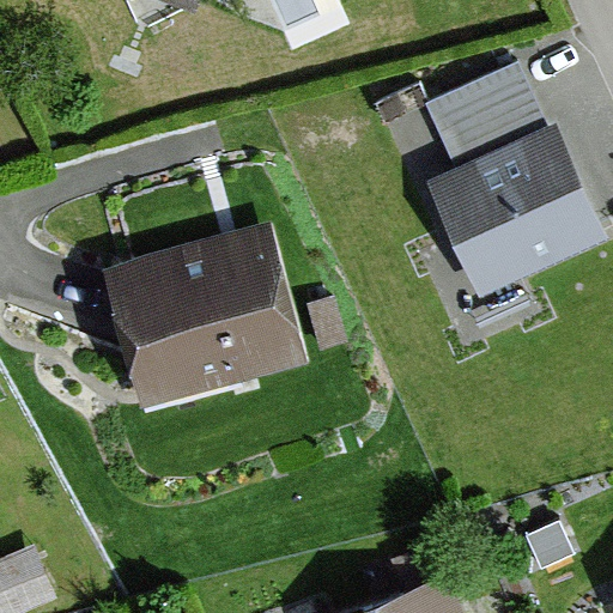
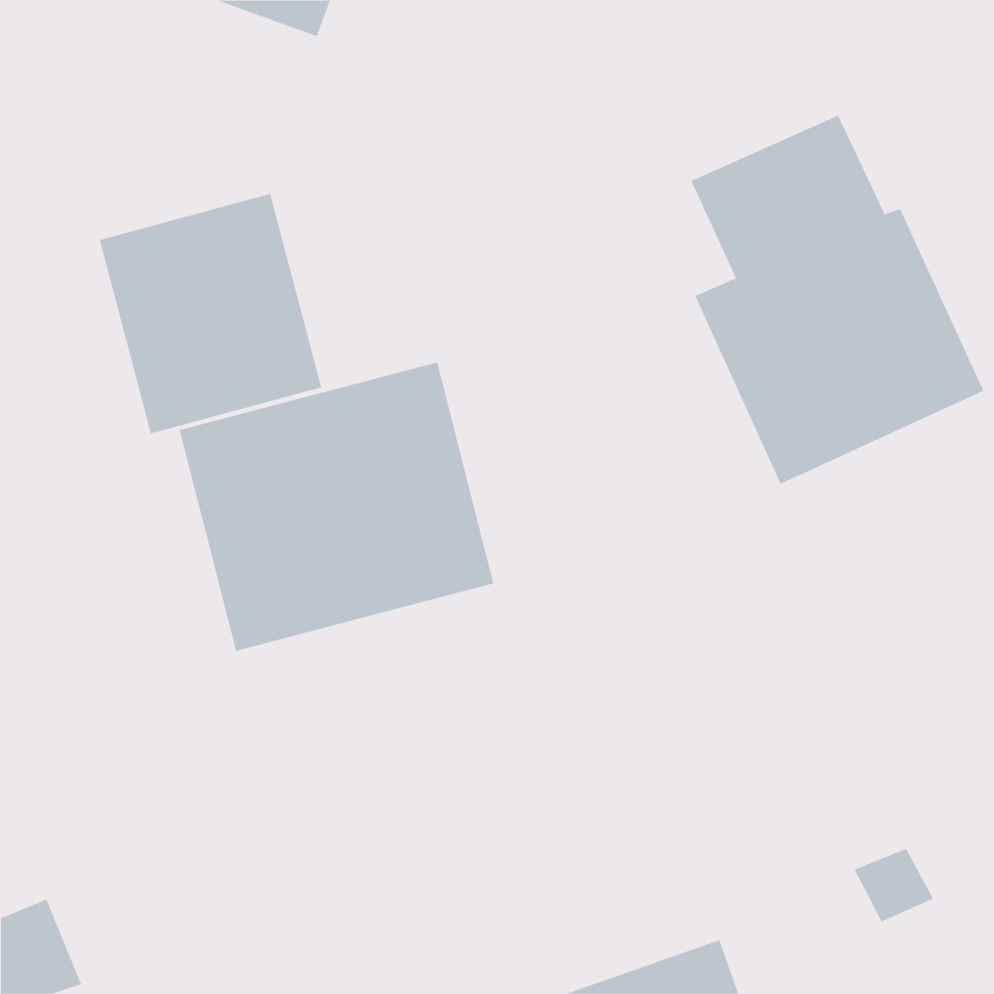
building: none -> [99,193,322,434]

